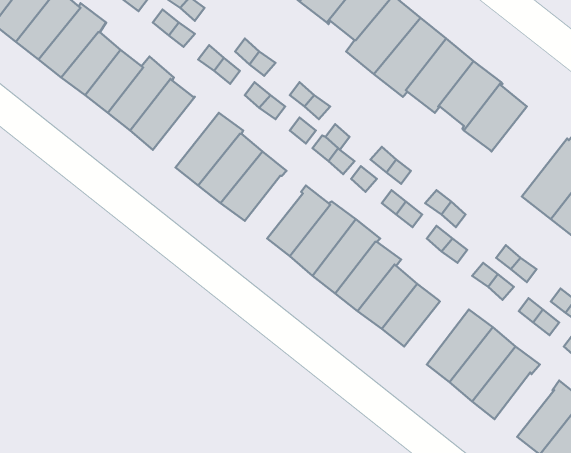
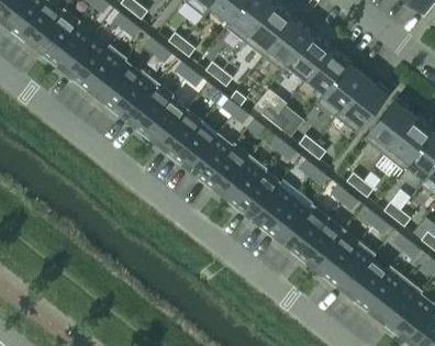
building: none -> [112,70,157,121]
building: none -> [335,79,387,134]
building: none -> [175,126,214,169]
building: none -> [283,205,327,255]
building: none -> [345,260,386,304]

